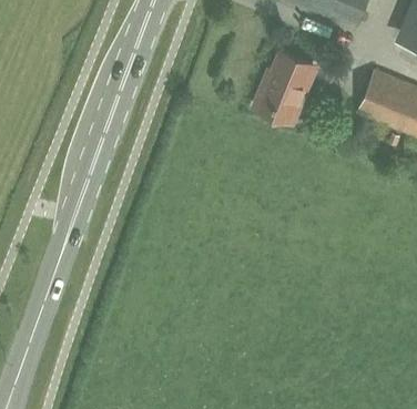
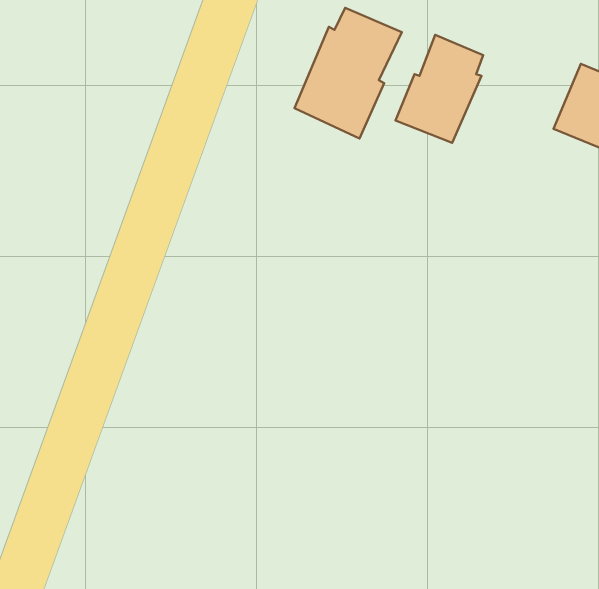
building: none -> [294,8,402,138]

